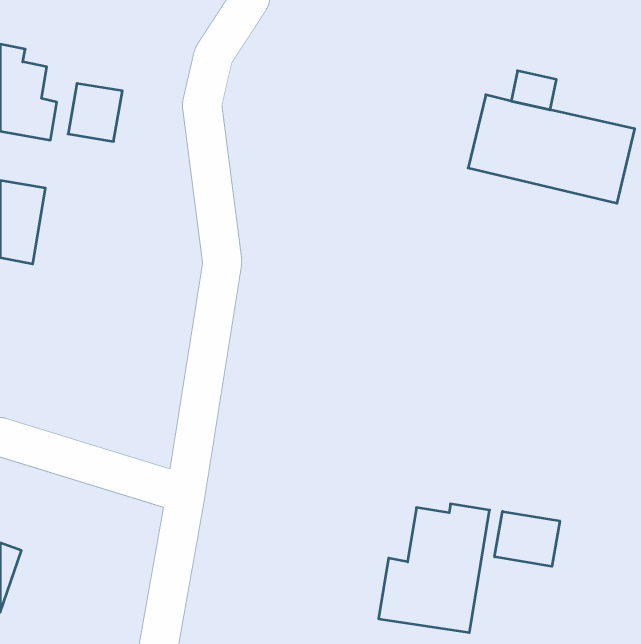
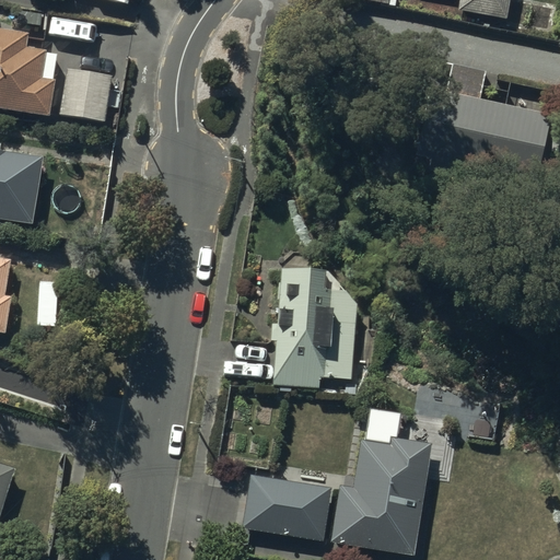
building: none -> [273,264,358,385]
building: [495,511,560,566] -> none
building: none -> [245,472,327,533]

